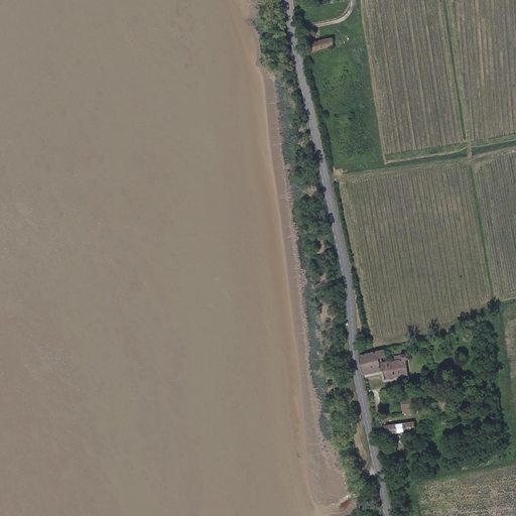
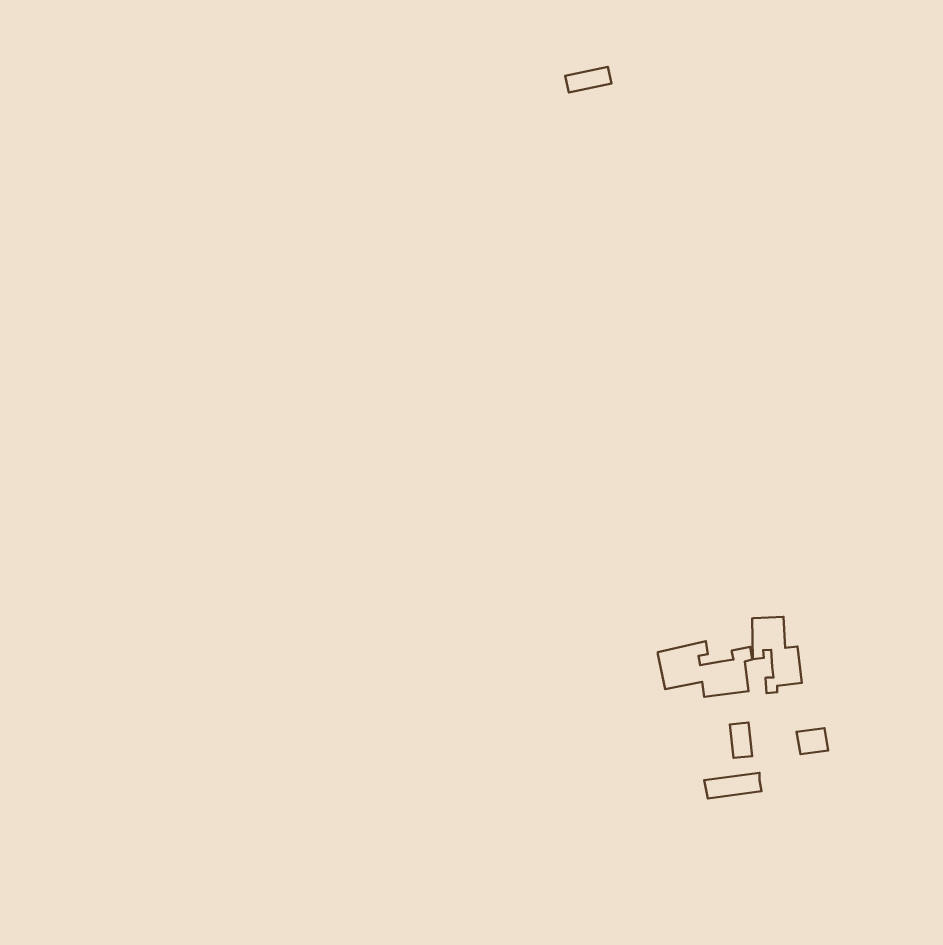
building: none -> [752,617,802,693]

